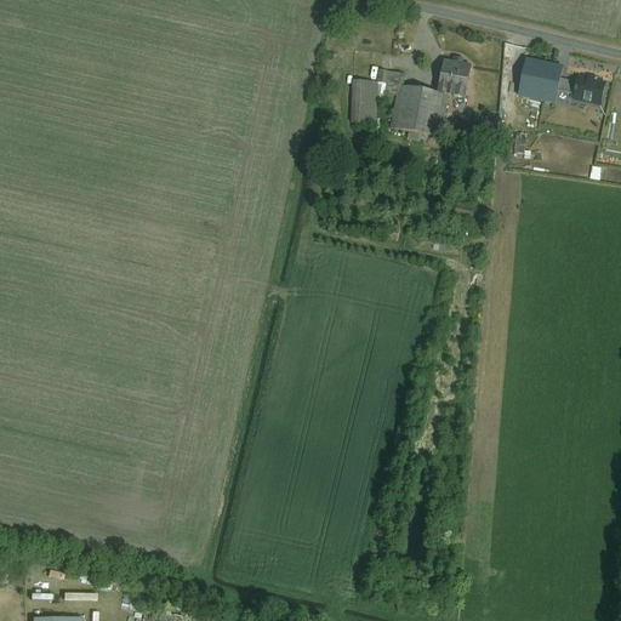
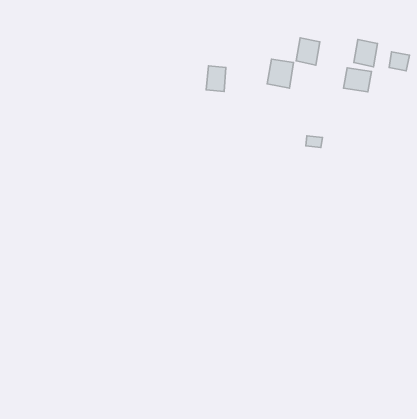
building: [346,81,375,119] -> [206,66,226,91]
building: none -> [344,68,371,92]

